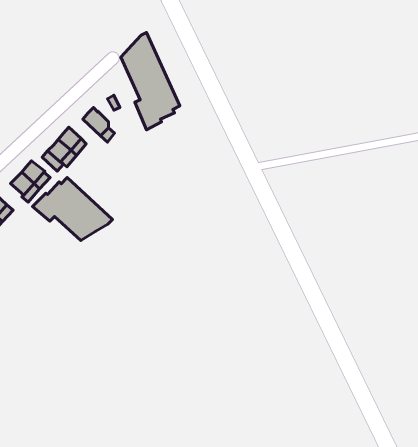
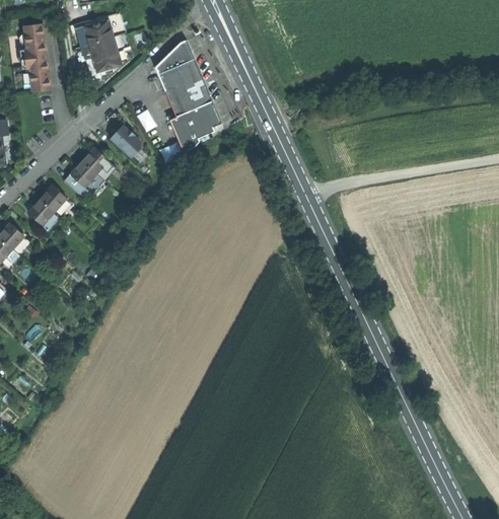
building: none -> [74,13,129,82]
building: none -> [20,23,51,91]
building: [33,178,112,241] -> none

